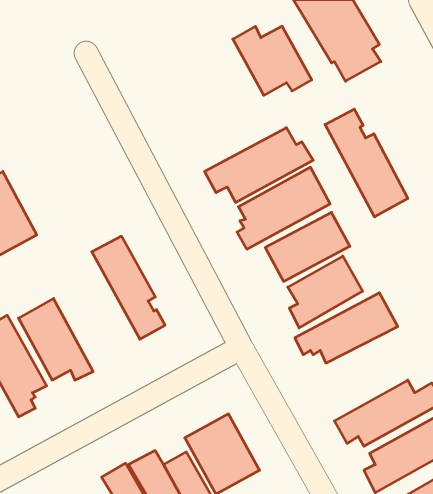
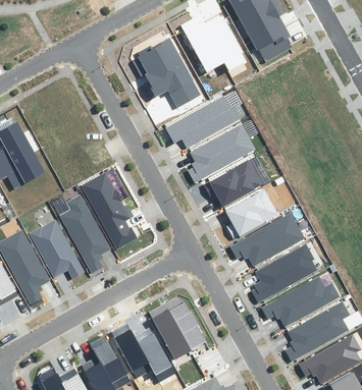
building: none -> [140,37,201,106]
building: [325,109,408,217] -> none
building: none -> [60,193,109,271]
building: none -> [244,242,313,301]

